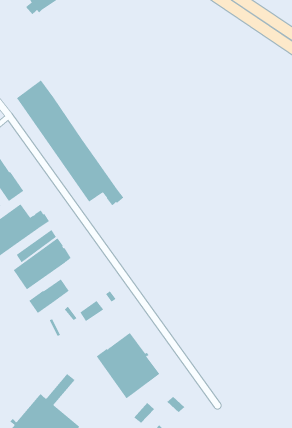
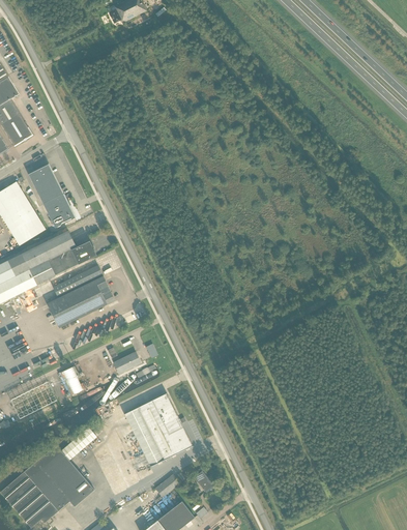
building: [16,80,124,206] -> none
building: [28,278,70,314] -> none

